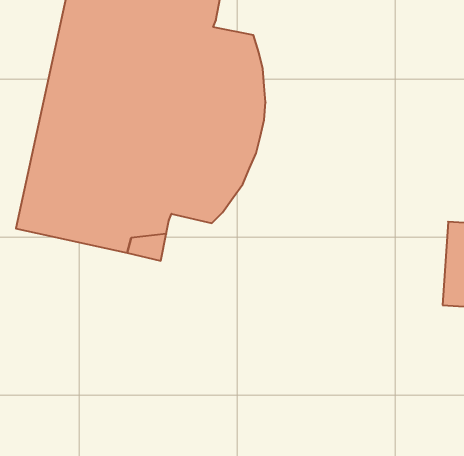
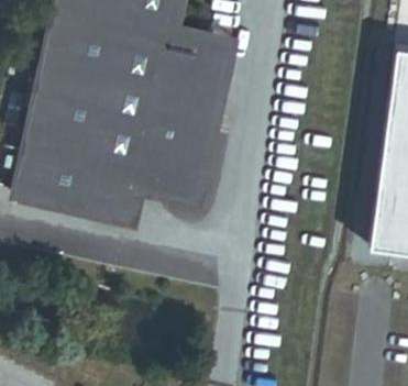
building: none -> [140,23,236,200]

